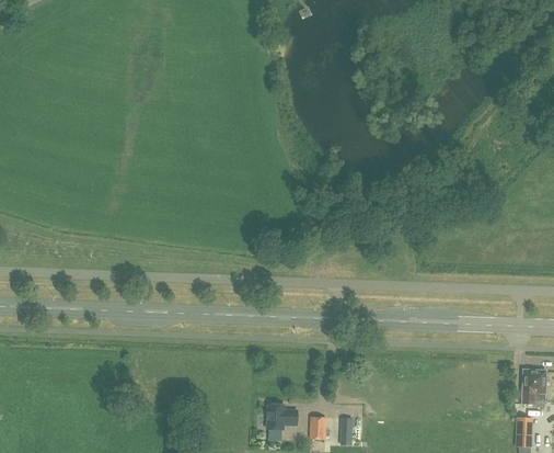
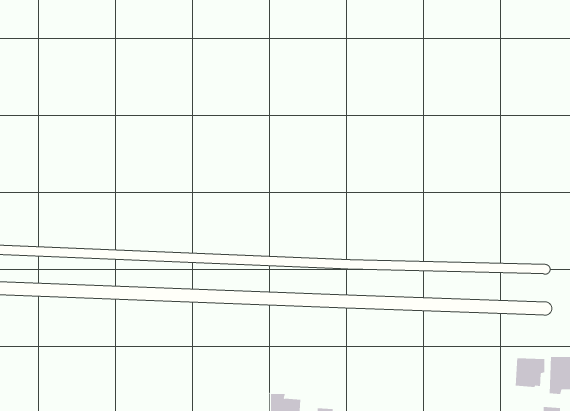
building: none -> [515,358,545,388]

